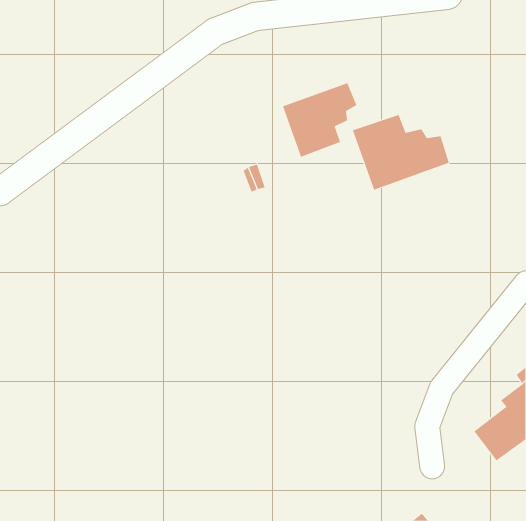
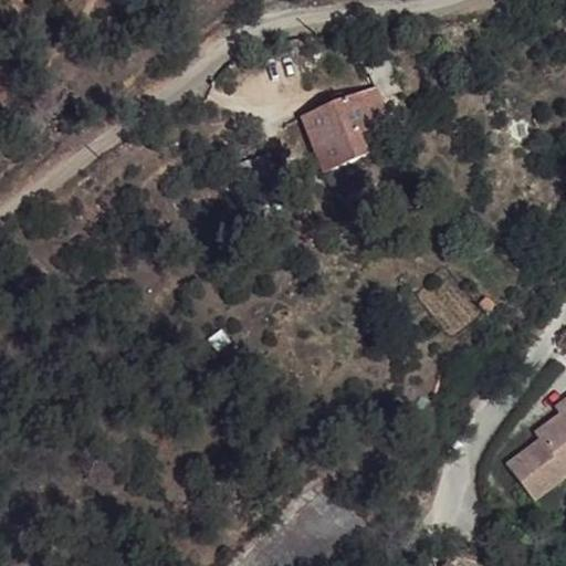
building: [352,114,450,190] -> none

